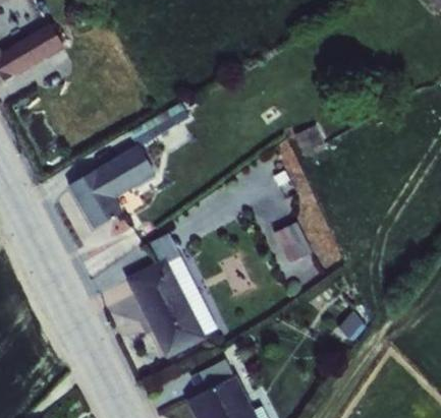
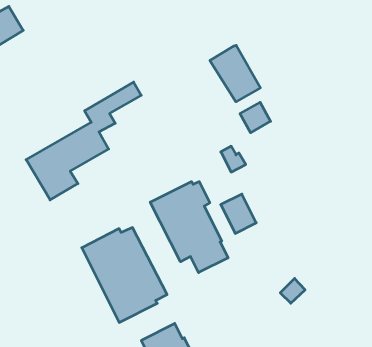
building: none -> [210,45,260,102]
building: none -> [150,182,228,273]

